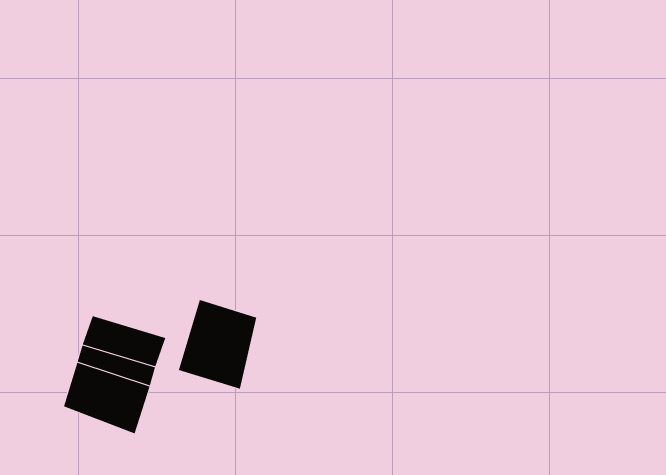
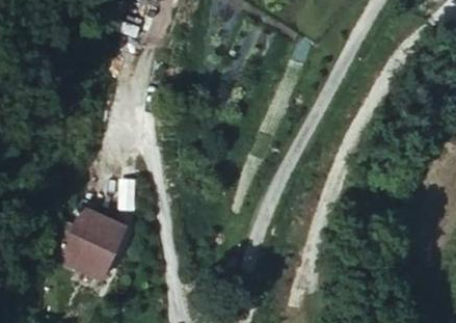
building: [178,299,257,389] -> none

